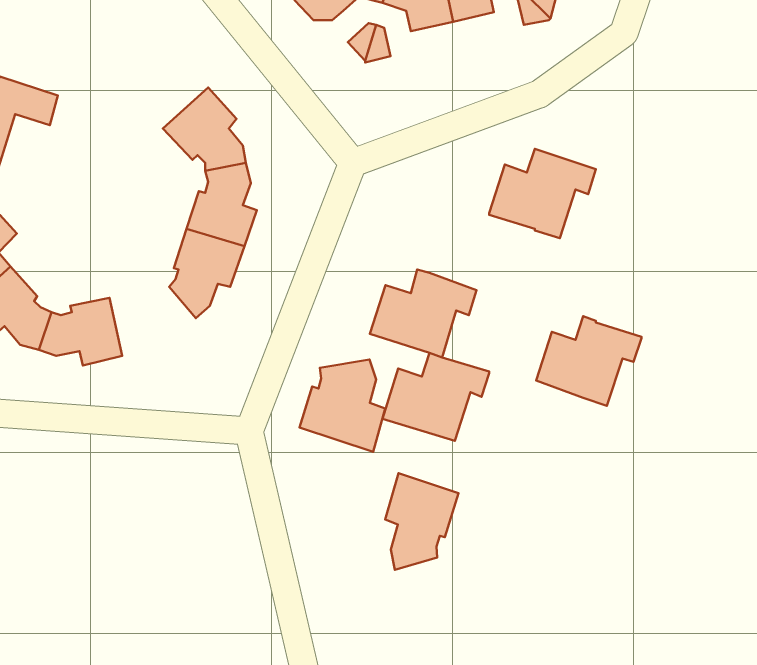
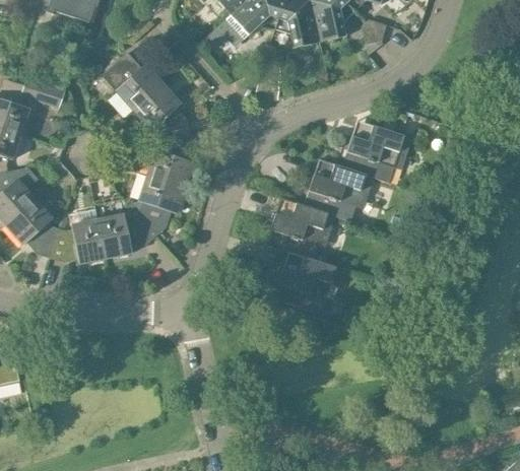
building: none -> [102,55,161,110]
building: none -> [98,212,153,257]
building: [536,316,641,406] -> [305,161,373,219]
building: [300,360,385,452] -> none
building: [385,473,458,570] -> none

